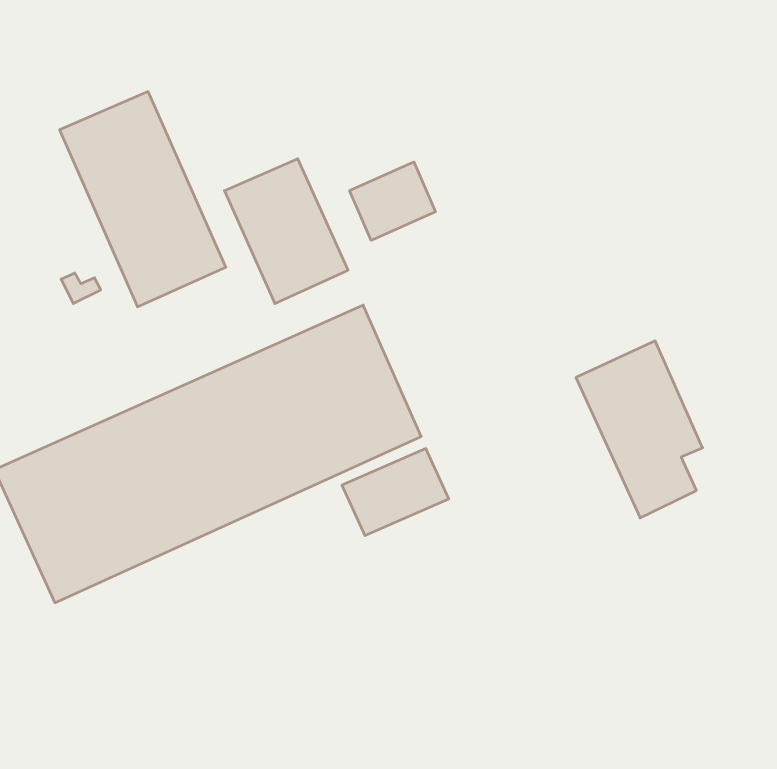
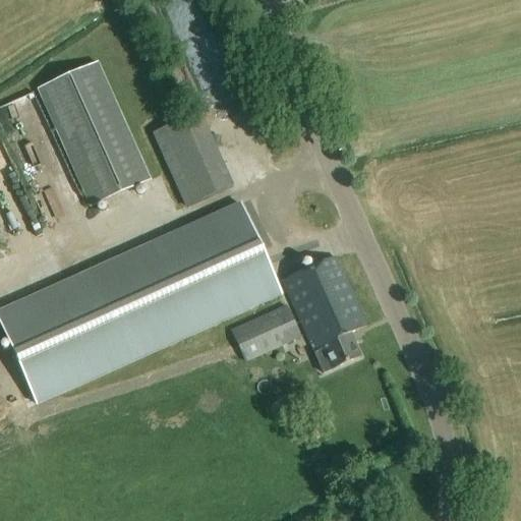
building: [350,162,435,240] -> none
building: [576,341,703,518] -> [283,253,367,371]

